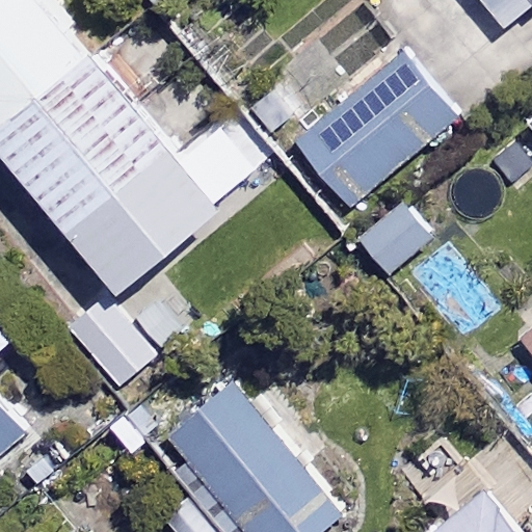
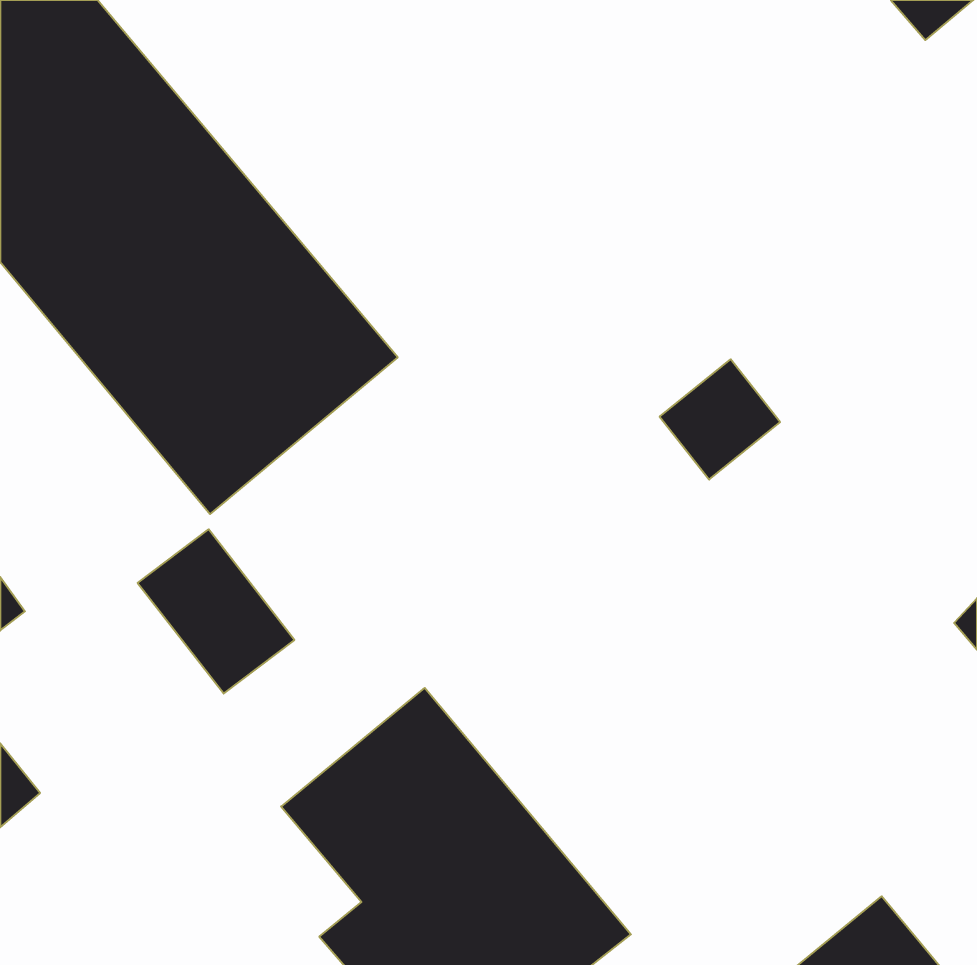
building: [295,61,453,211] -> none

